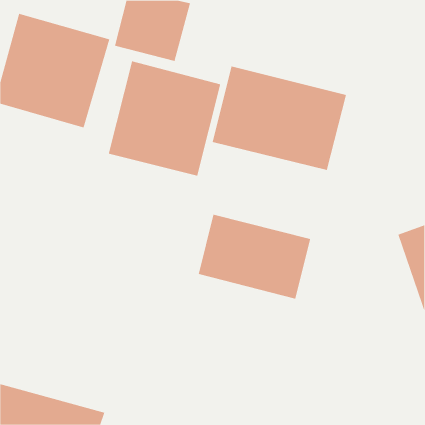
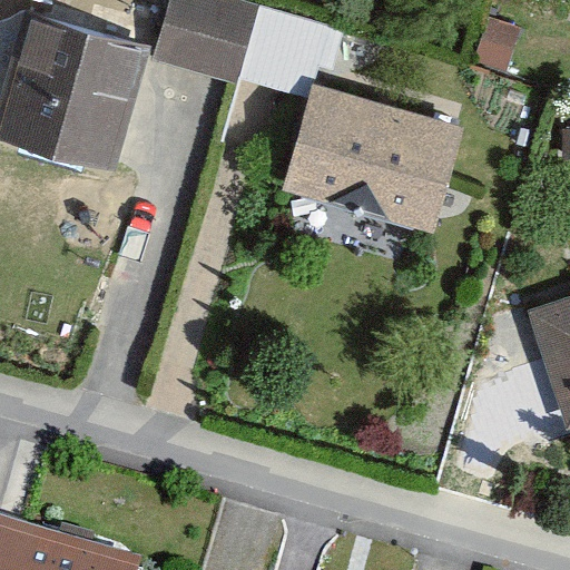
building: [108,61,221,177] -> none
building: [198,214,311,300] -> none

